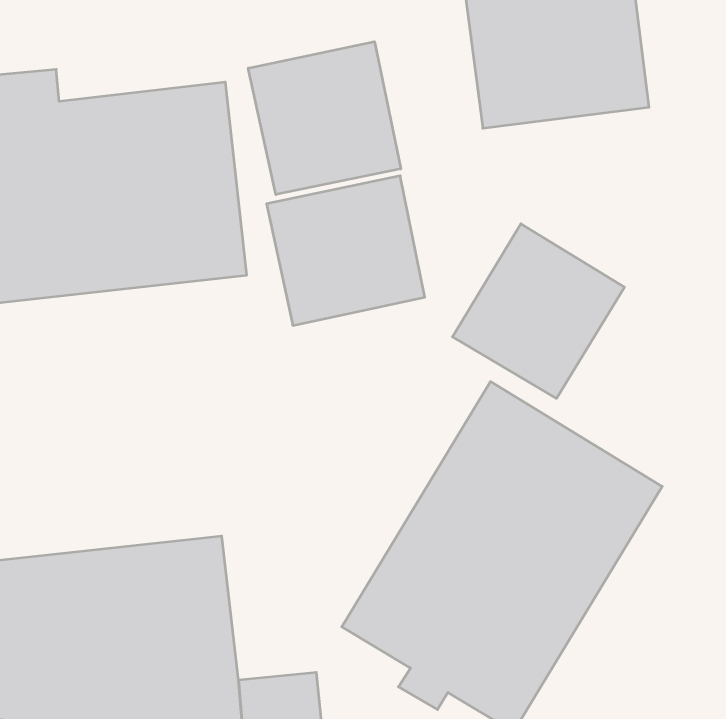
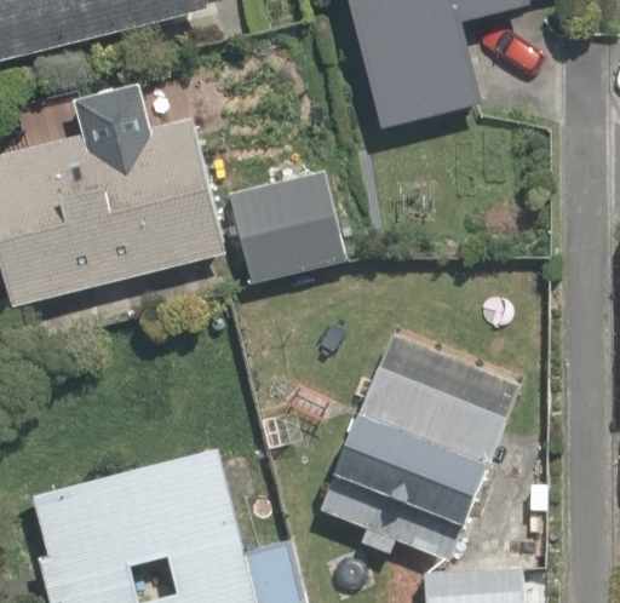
building: [248,42,401,195] -> none
building: [452,224,624,398] -> none

